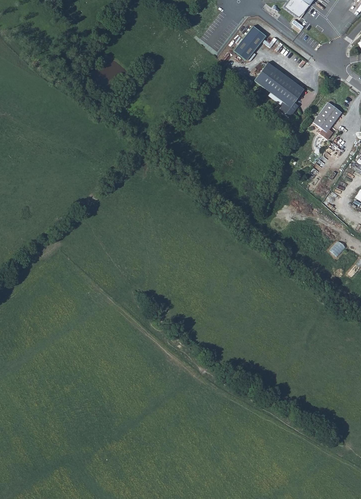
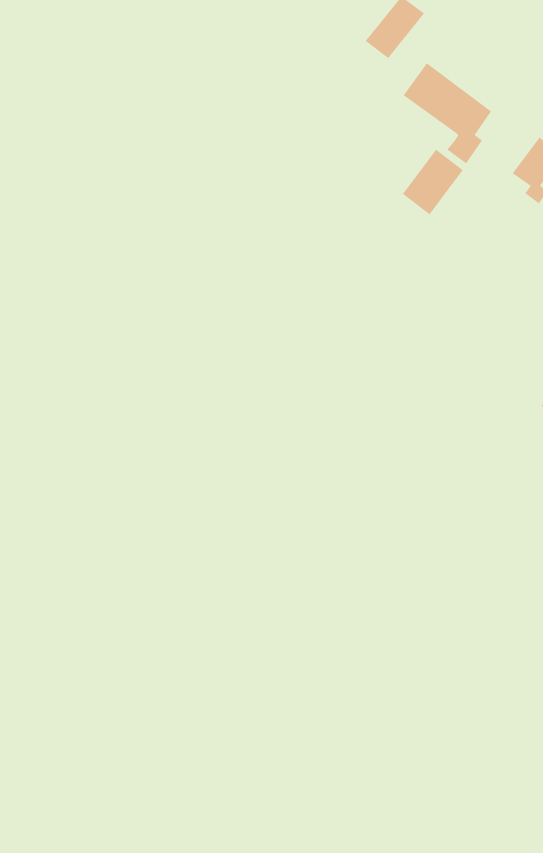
building: none -> [402,149,464,215]

